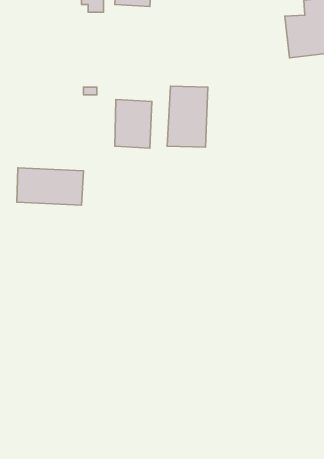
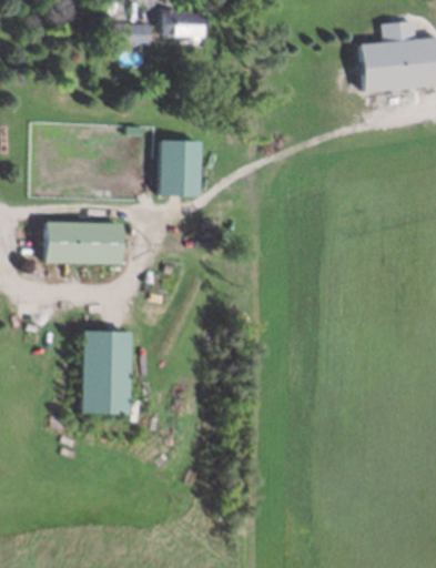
building: [167,86,208,147] -> none
building: none -> [82,332,132,416]

